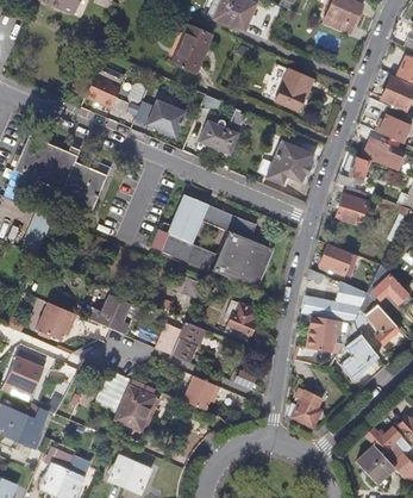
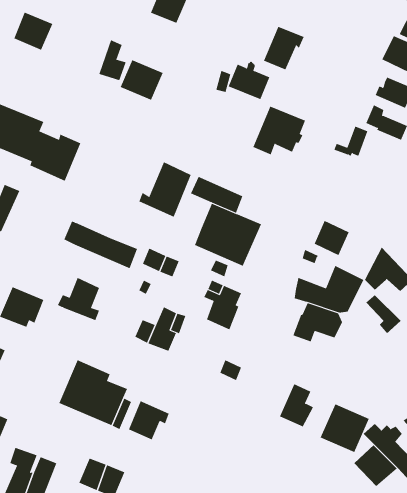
building: [86,73,121,107] -> [13,12,53,50]
building: [200,118,238,152] -> [228,61,270,100]
building: [337,185,369,224] -> none
building: [152,225,219,268] -> [63,221,138,269]
building: [337,335,377,381] -> none
building: [184,374,221,410] -> [128,400,169,440]
building: none -> [320,404,370,453]

